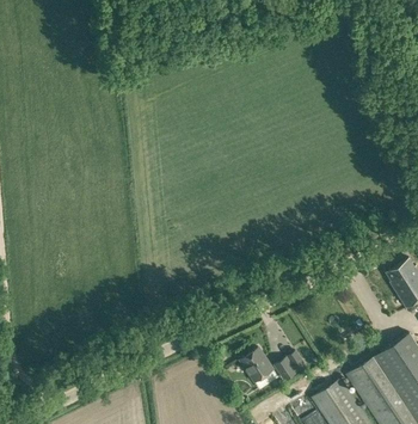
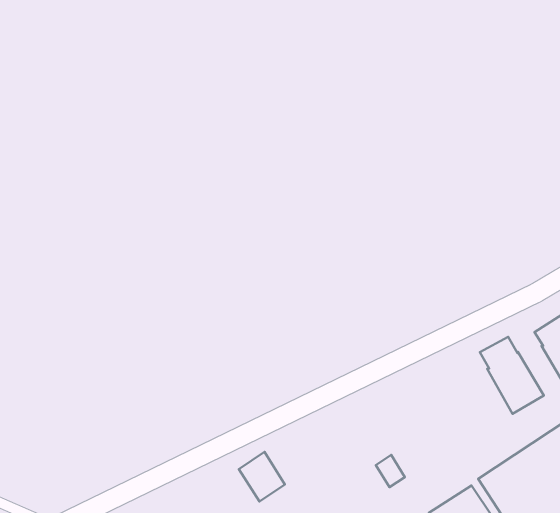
building: none -> [480,337,544,414]
building: [240,348,272,382] -> [239,452,285,501]

